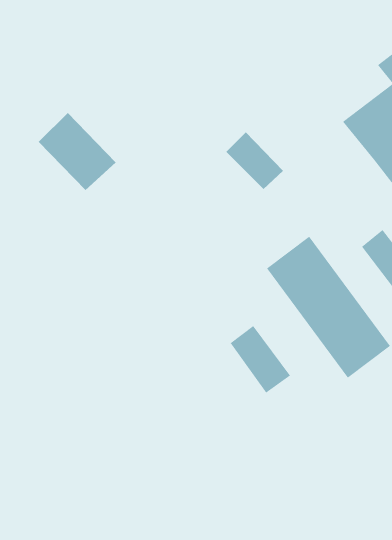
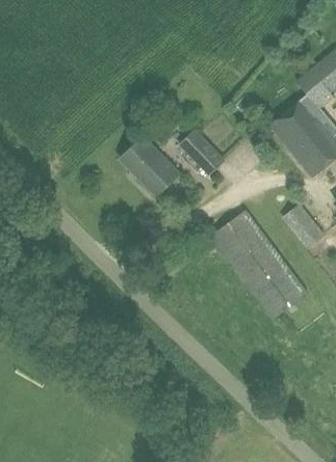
building: [38,112,117,191] -> [119,137,179,197]
building: [230,325,291,394] -> none

